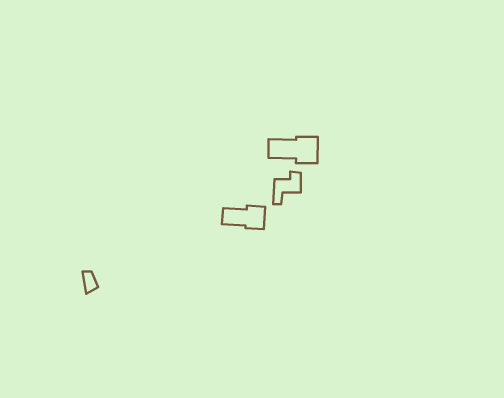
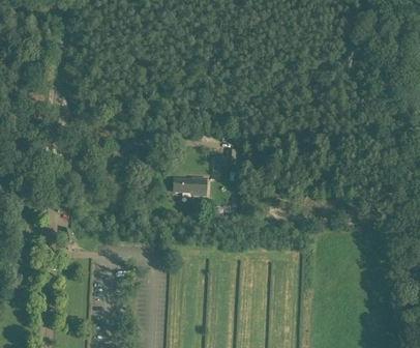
building: [268,137,318,163] -> none

